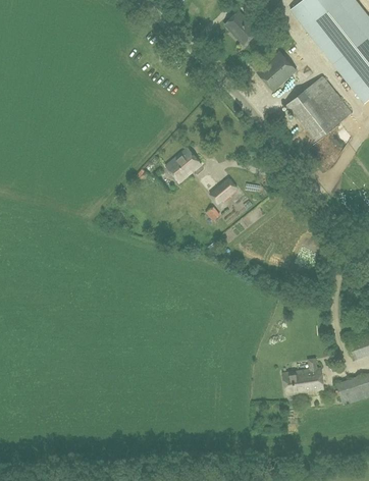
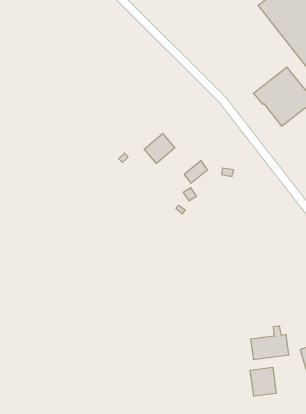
building: [224,10,258,44] -> none
building: [257,51,297,91] -> none
building: none -> [250,367,276,396]

